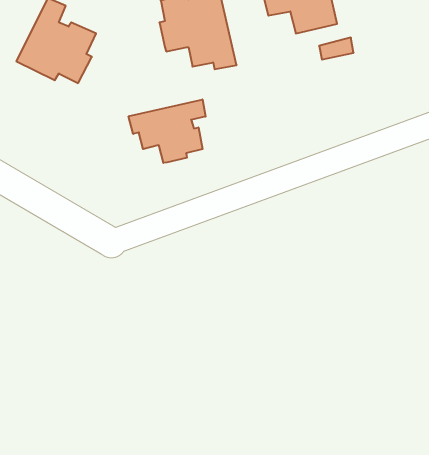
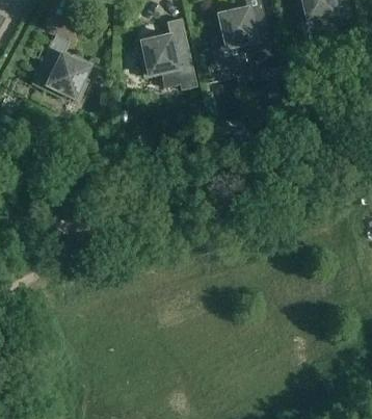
building: [129,99,206,163] -> none

